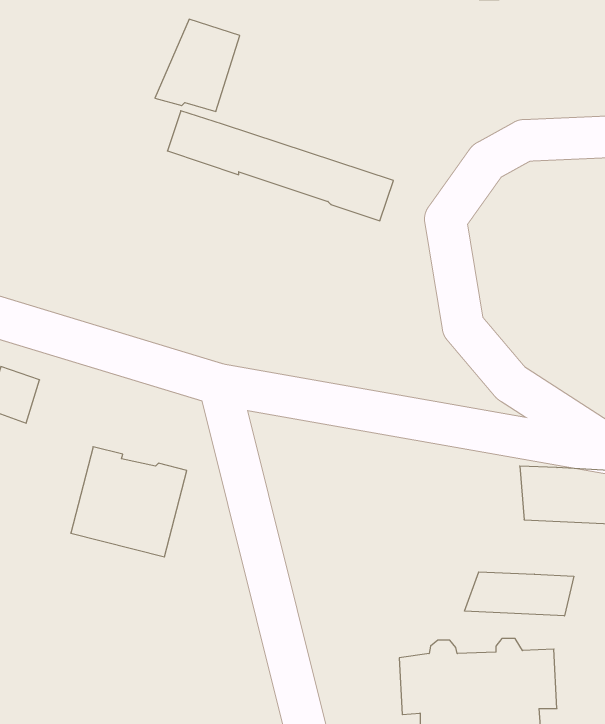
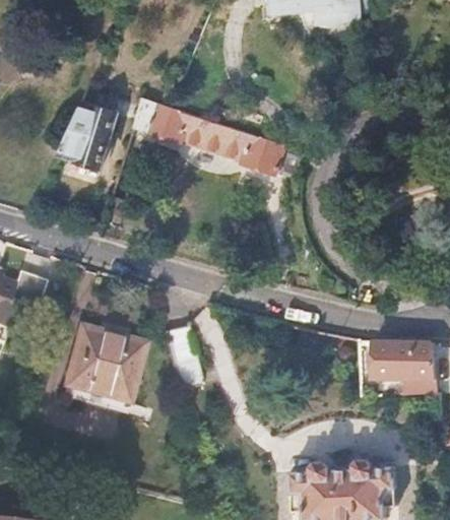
building: [155,19,240,111] -> [55,104,113,167]
building: [465,572,574,616] -> none

